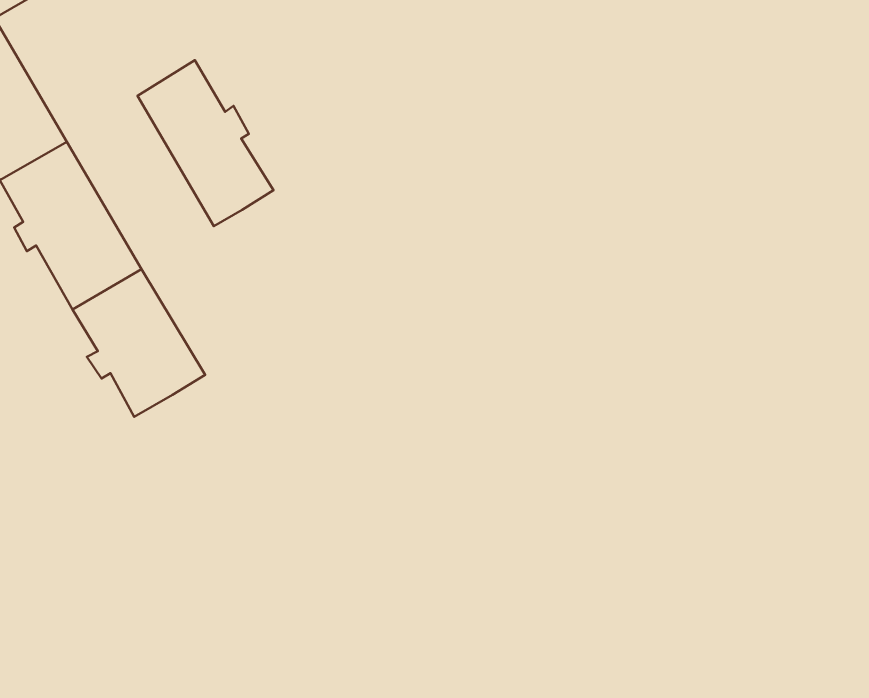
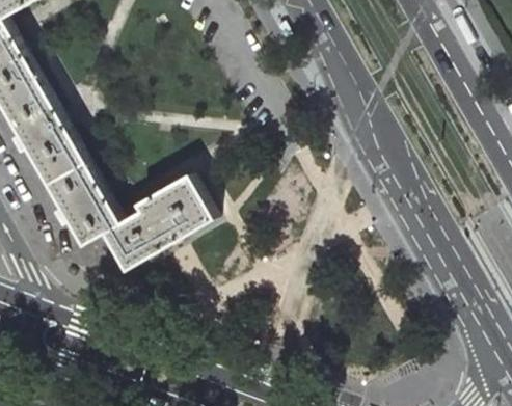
building: [138,60,273,226] -> none
building: none -> [102,174,212,269]

